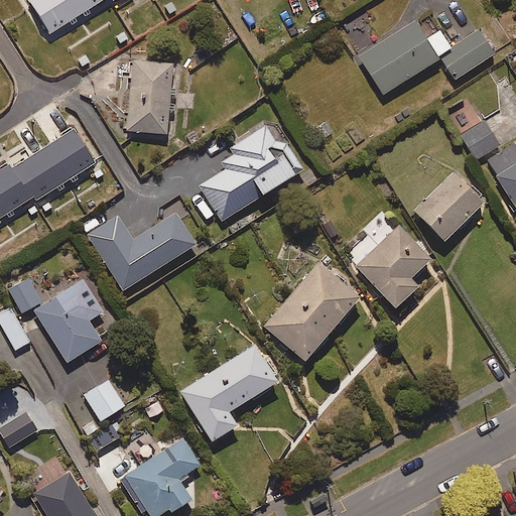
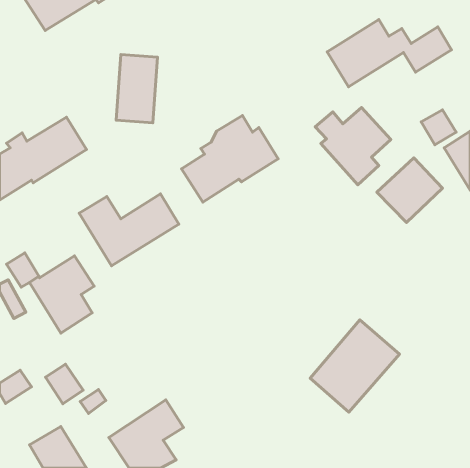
building: [349,226,431,310] -> [315,107,391,185]
building: [263,262,361,363] -> [310,320,400,412]
building: [179,339,277,443] -> none
building: [83,378,124,421] -> [45,364,83,404]

